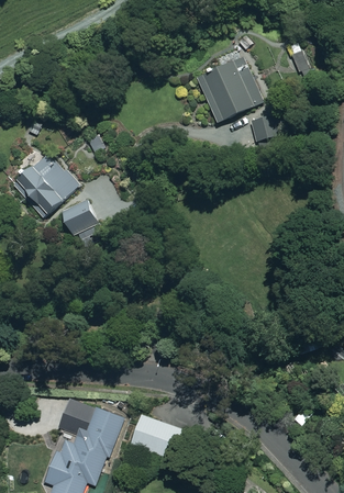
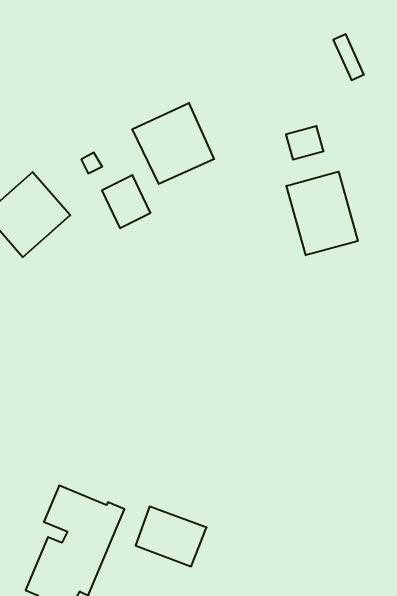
building: [197,57,262,121] -> [132,103,214,184]
building: none -> [286,172,358,255]
building: [63,200,101,242] -> [102,175,151,228]

